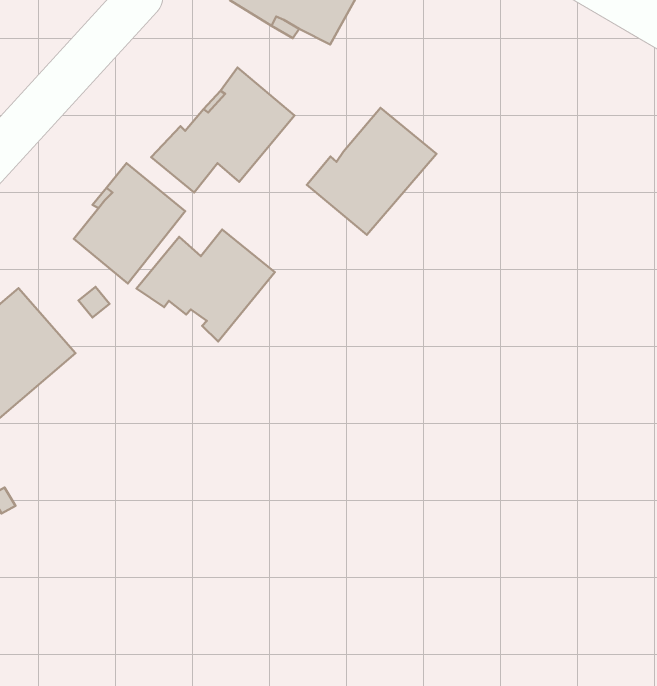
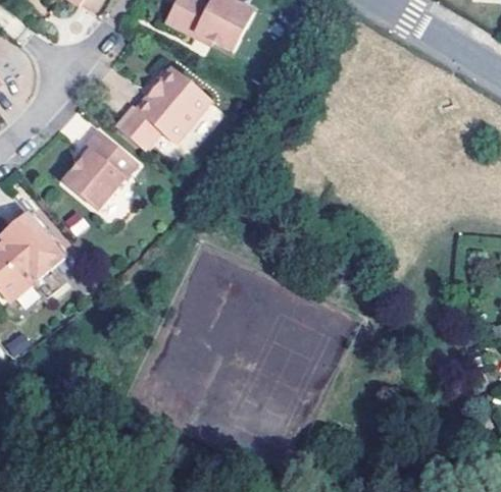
building: [307,108,437,235] -> none
building: [136,229,275,342] -> none

